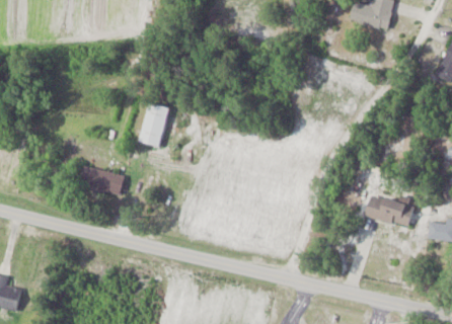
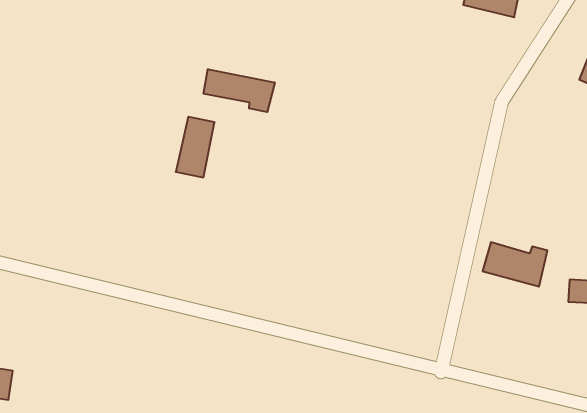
building: none -> [204,69,275,112]
building: [79,166,124,194] -> none

